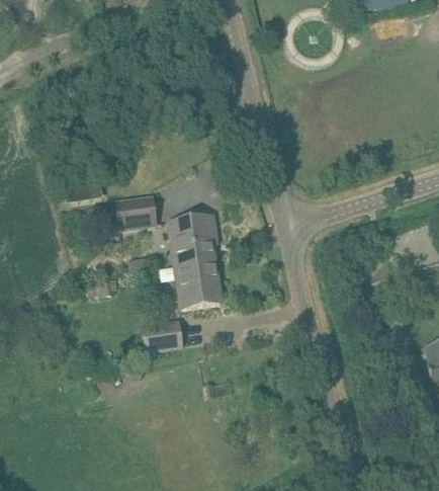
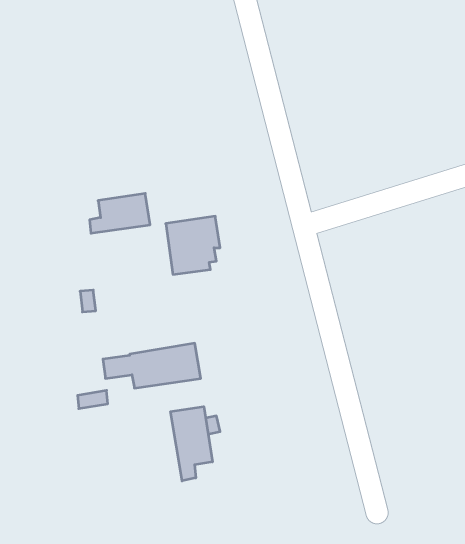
building: [174,250,222,305] -> none
building: none -> [171,407,212,481]

